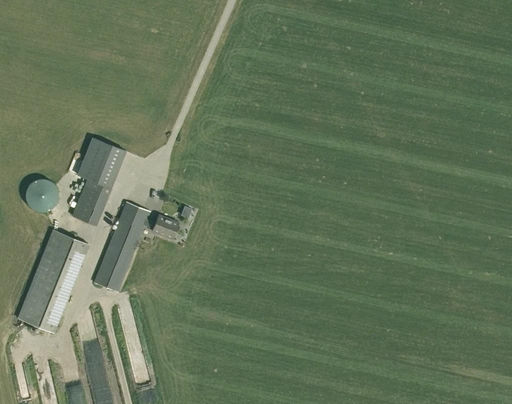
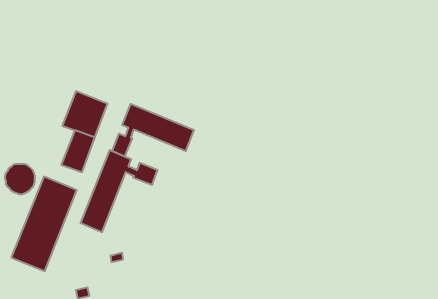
building: none -> [112,104,194,157]
building: [26,180,59,213] -> [5,164,35,194]

